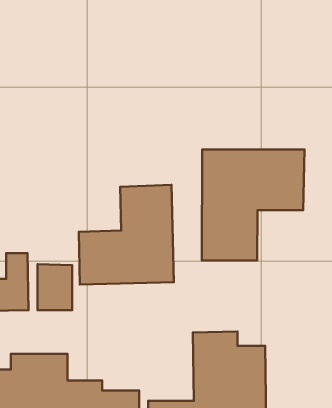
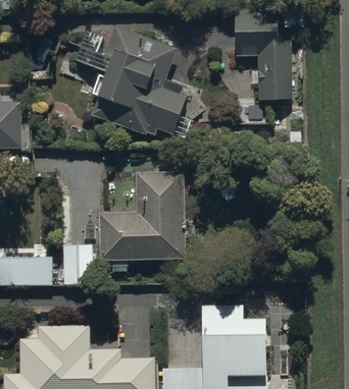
building: none -> [235,7,292,99]
building: none -> [90,24,186,134]
building: [202,149,304,260] -> none

